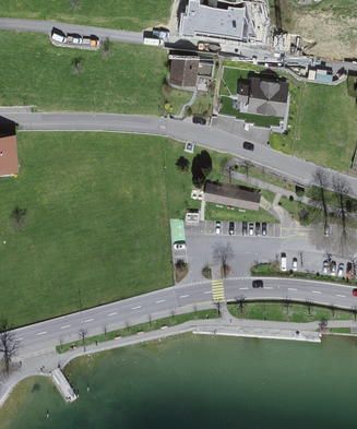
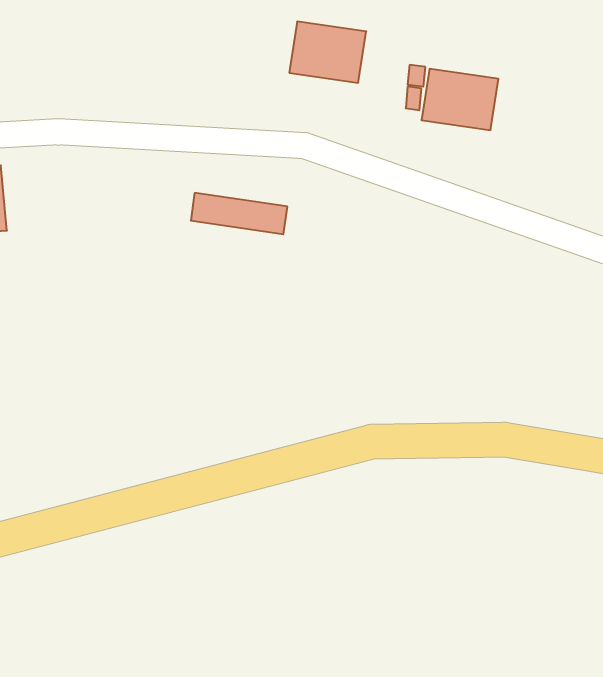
building: [204,186,258,208] -> [191,193,287,234]

